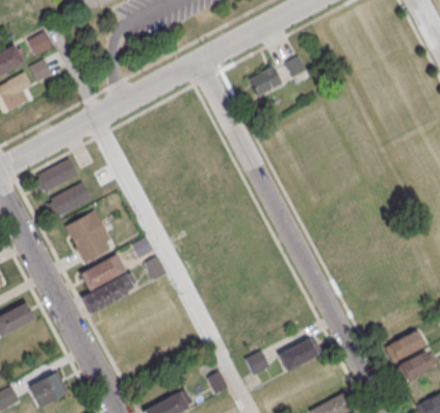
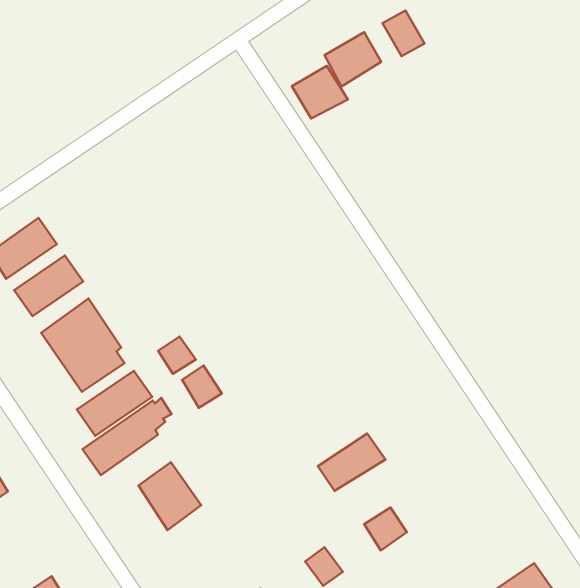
building: none -> [292,66,348,119]
building: none -> [138,462,201,530]
building: [278,338,318,370] -> [318,433,385,491]

